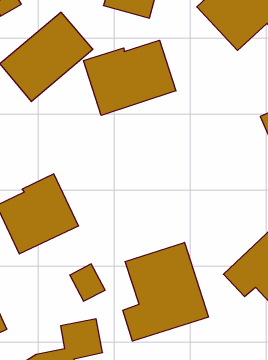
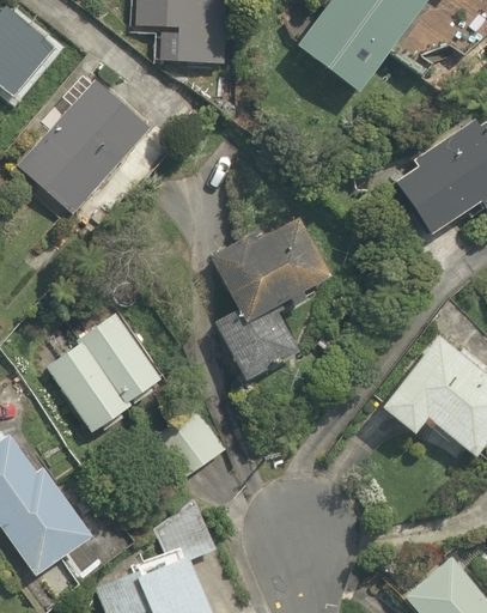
building: [84,40,176,115] -> none
building: none -> [211,217,331,381]
building: [123,242,208,341] -> none

